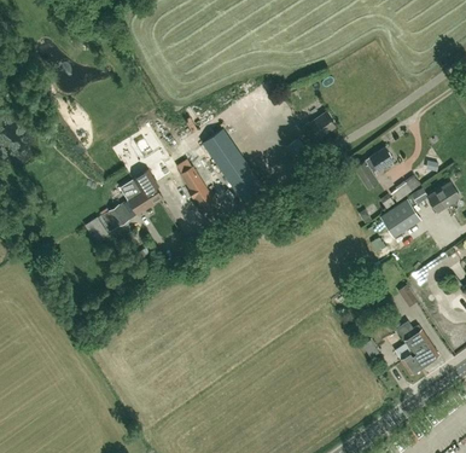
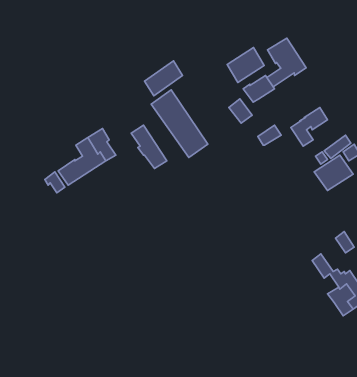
building: none -> [267,38,306,87]
building: none -> [227,47,264,83]
building: none -> [144,61,183,96]

